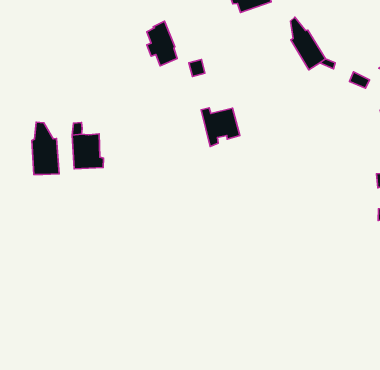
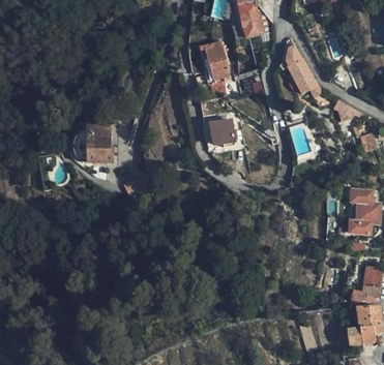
building: [147,21,177,66] -> [203,42,229,82]
building: [32,122,59,175] -> none

